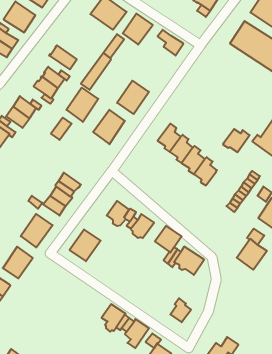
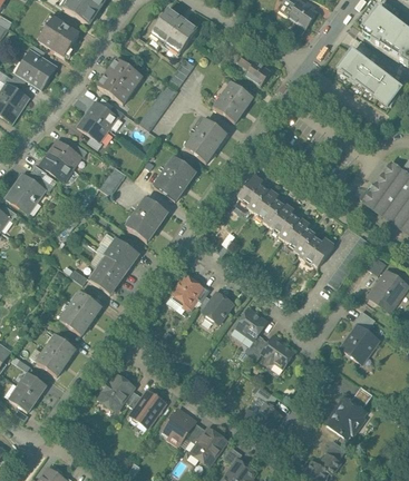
building: [123,14,153,45] -> [214,81,253,121]
building: none -> [107,58,143,90]
building: [66,88,98,122] -> [126,196,167,240]
building: [223,129,250,152] -> [299,236,333,266]
building: [70,229,101,261] -> [96,371,136,412]
building: none -> [127,387,167,430]
building: none -> [325,391,371,438]

